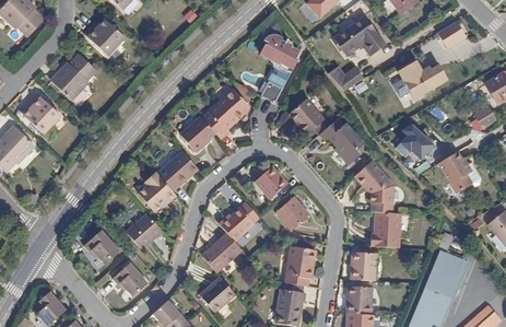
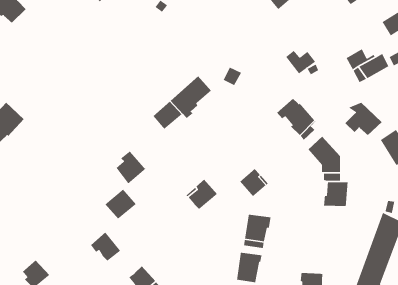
building: [87,14,126,49] -> none
building: [337,14,386,54] -> none
building: [257,35,297,72] -> none
building: [56,48,99,93] -> none
building: [27,90,63,128] -> none
building: [289,100,323,135] -> none
building: [157,153,198,194] -> none
building: [256,166,287,198] -> none
building: [83,233,118,267] -> none
building: [201,235,242,273] -> none
building: [351,250,376,279] -> none
building: [200,278,235,314] -> none
building: [348,285,372,313] -> none

